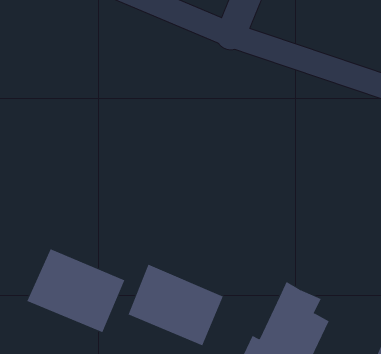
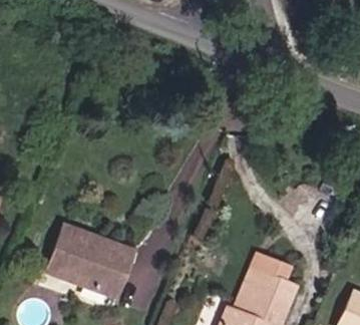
building: [128,264,224,346] -> none

